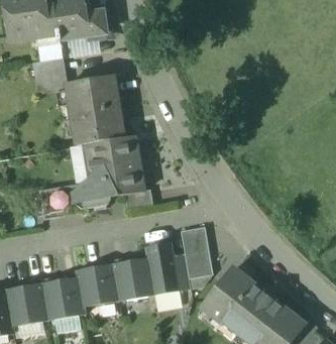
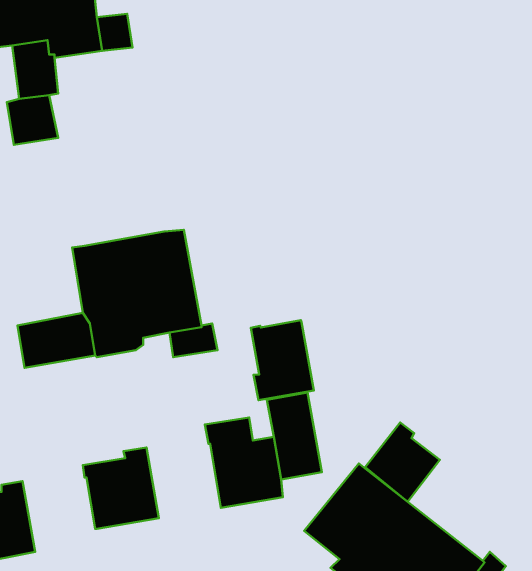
building: [68,74,123,144] -> none
building: none -> [251,320,314,400]
building: none -> [365,422,440,502]
building: [113,257,155,300] -> none
building: [42,276,86,319] -> none

